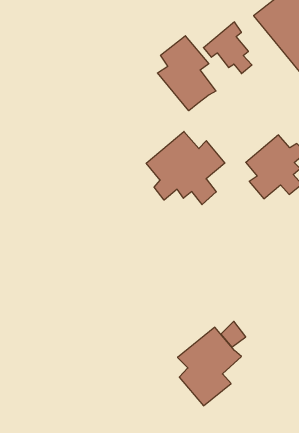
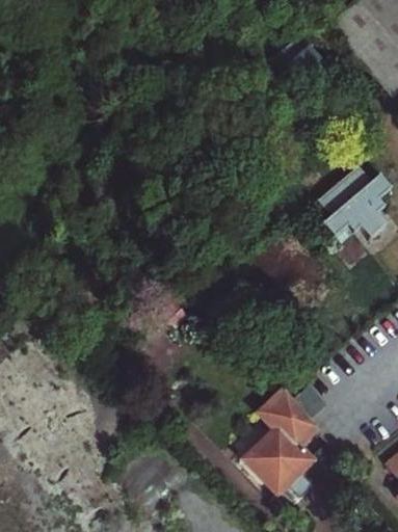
building: [157,36,216,111] -> none
building: [146,131,225,205] -> none

